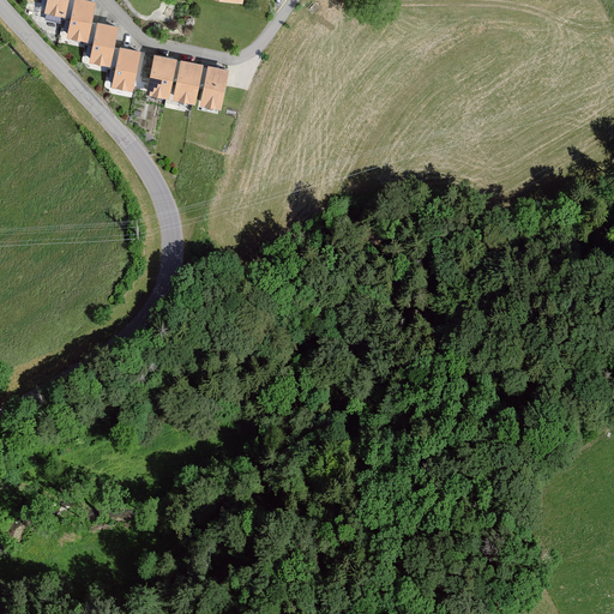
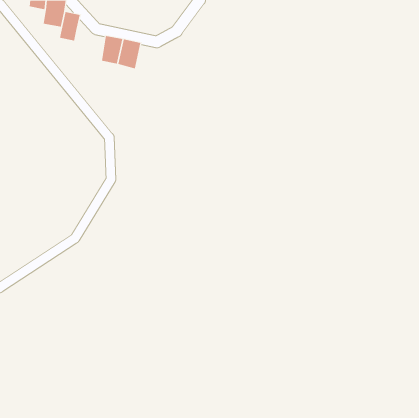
building: [104,47,142,91] -> none
building: [198,66,231,109] -> none

